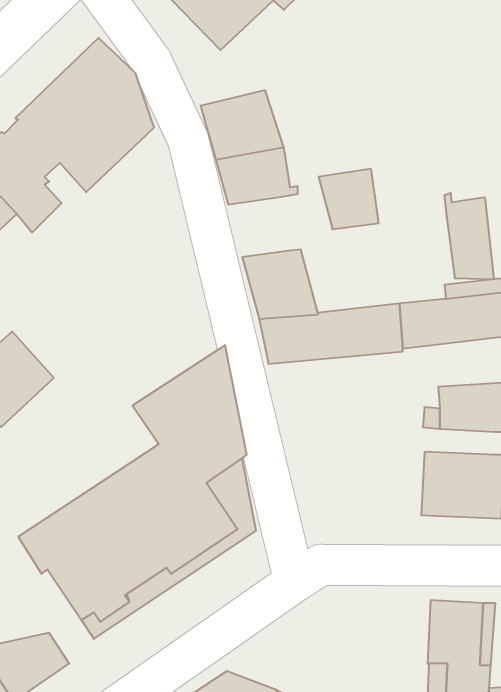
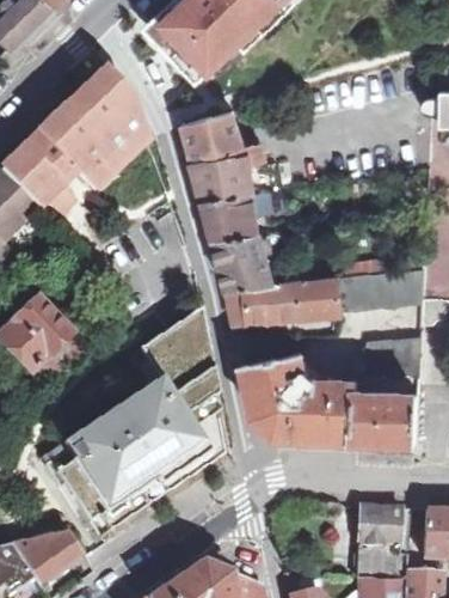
building: [319,169,379,229] -> [203,194,250,240]
building: [445,193,494,279] -> none
building: none -> [242,350,355,440]

